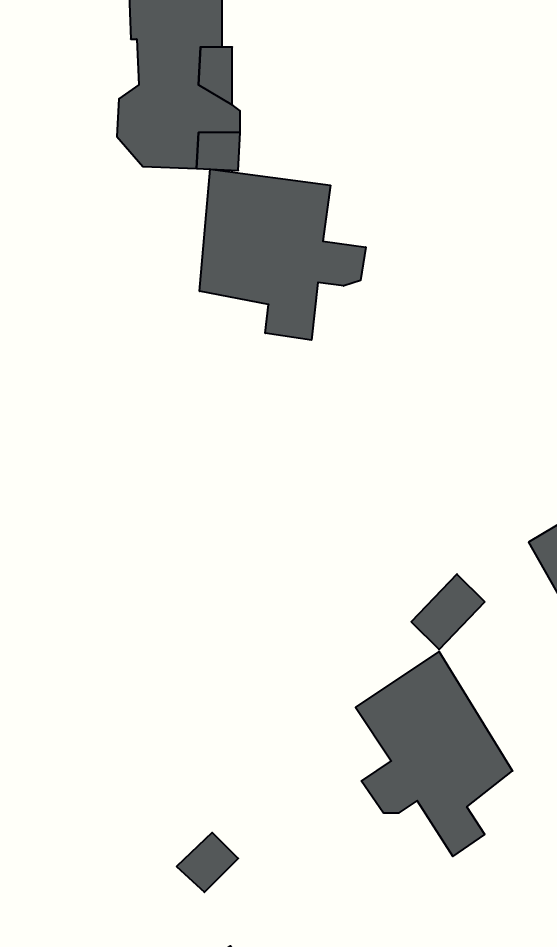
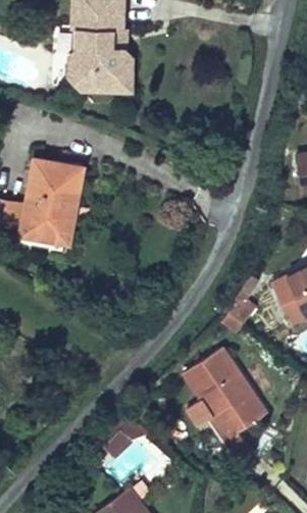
building: [200,169,366,340] -> none
building: none -> [14,159,71,263]

